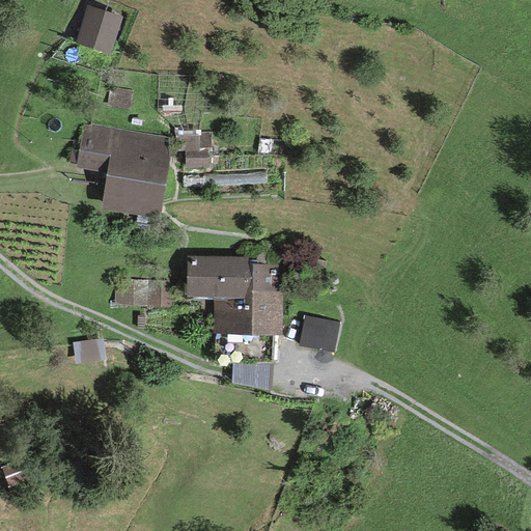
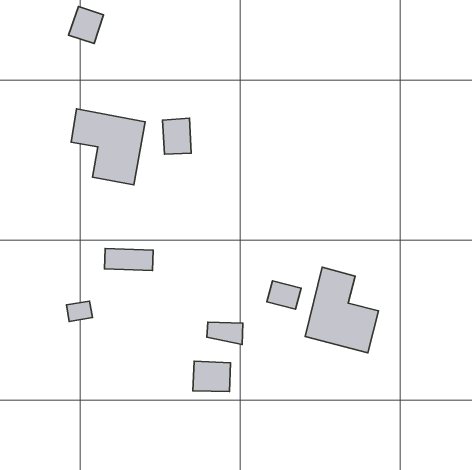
building: [187,256,281,333] -> none
building: none -> [305,267,379,353]
building: none -> [193,361,231,392]

